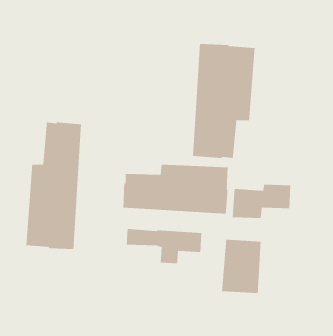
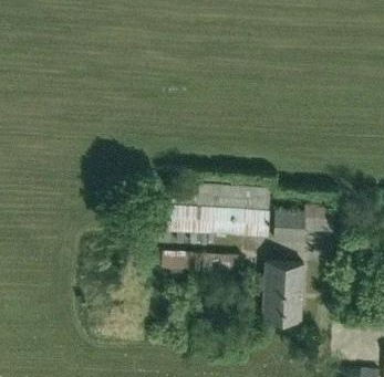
building: [192,43,255,159] -> none
building: [26,122,82,250] -> none

